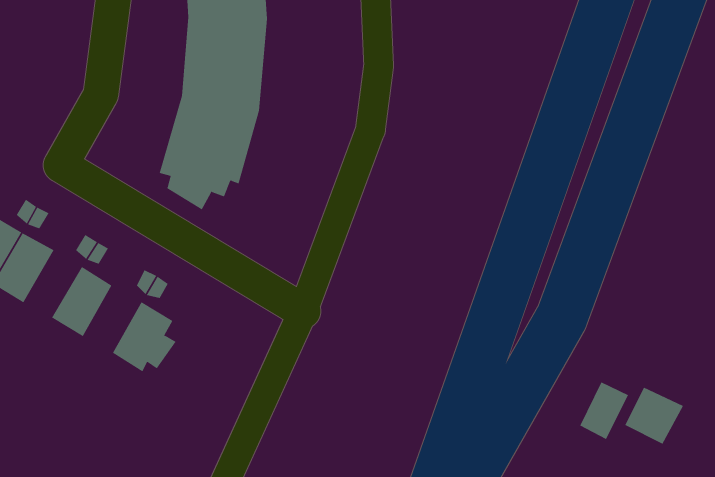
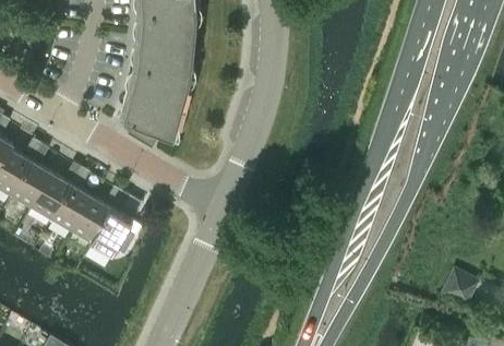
building: none -> [29,172,69,218]
building: none -> [70,196,109,242]
building: [580,382,629,440] -> none

